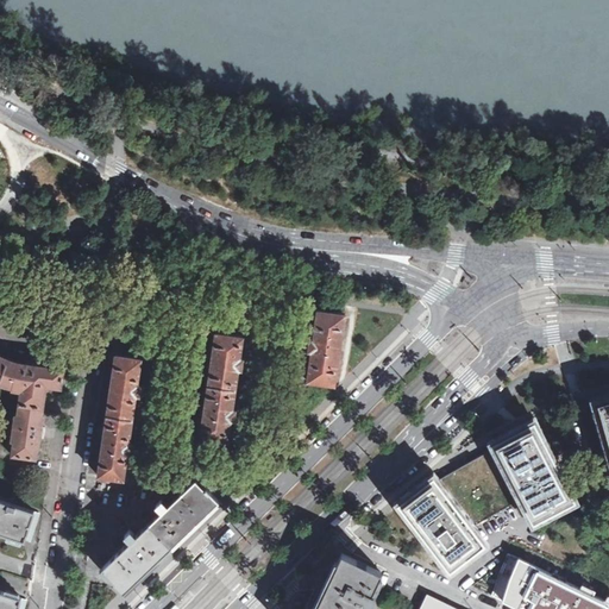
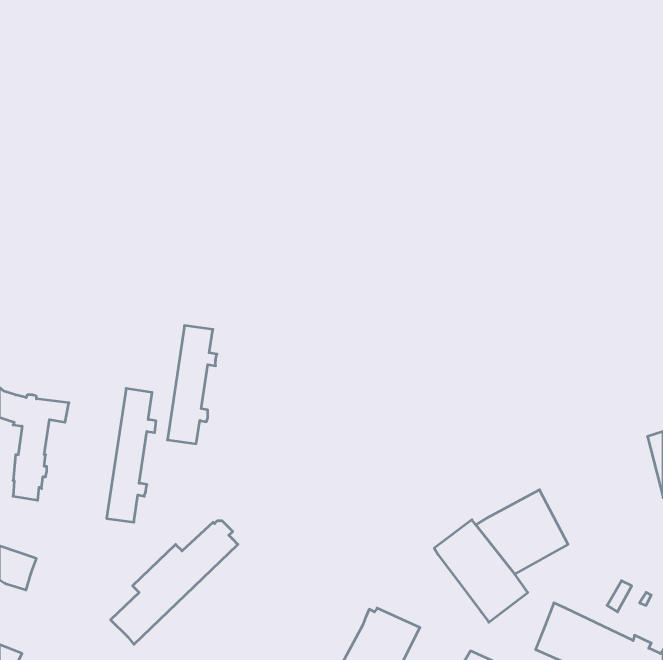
building: [304,314,344,388] -> none
building: [200,337,245,445] -> [167,326,217,444]
building: [490,425,573,525] -> none

